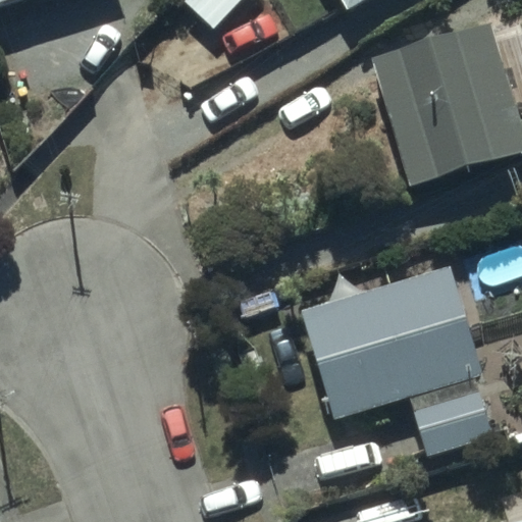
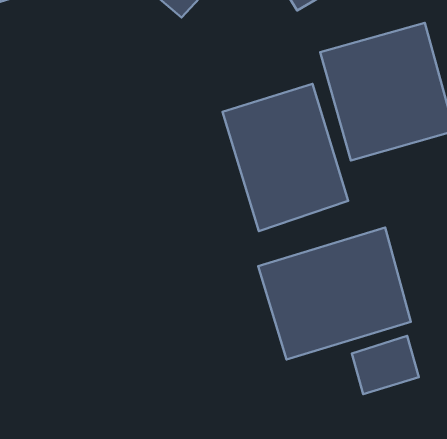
building: none -> [222,84,348,231]

